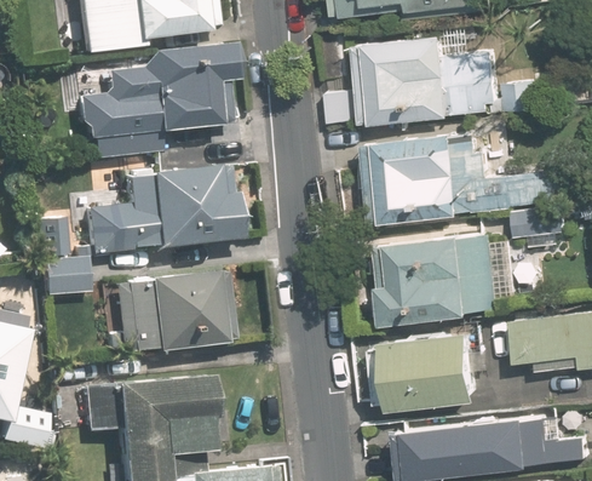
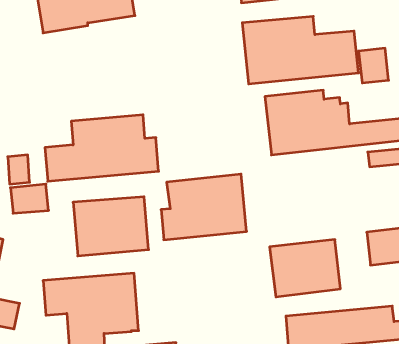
building: [81,42,234,161] -> none
building: [381,239,495,326] -> [161,174,247,240]

